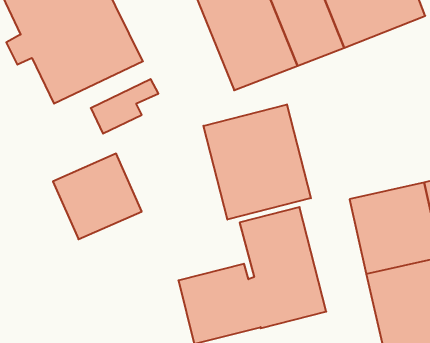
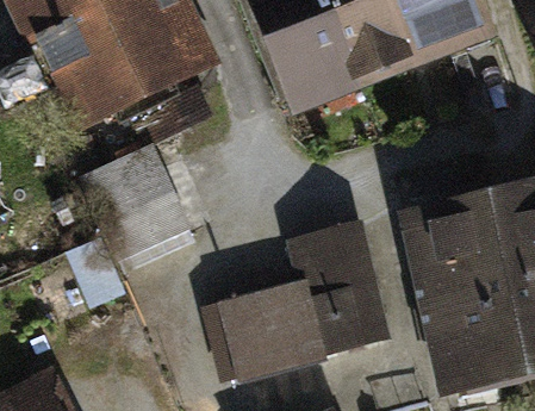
building: [203,104,311,220] -> none

